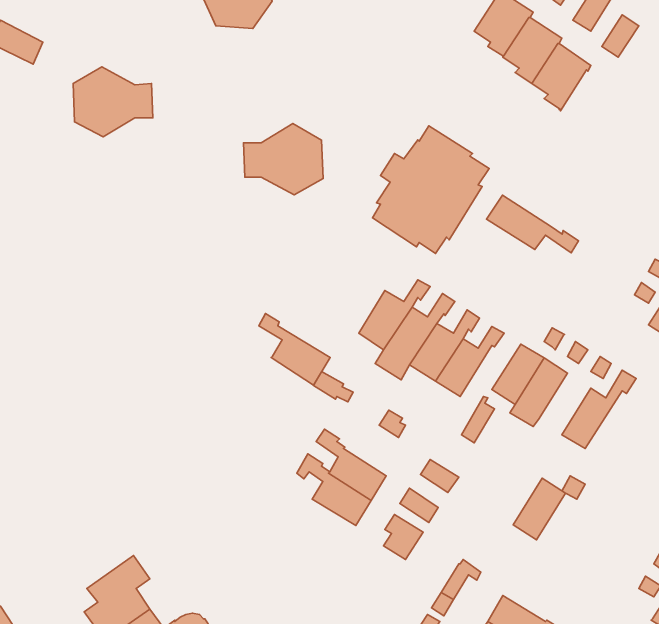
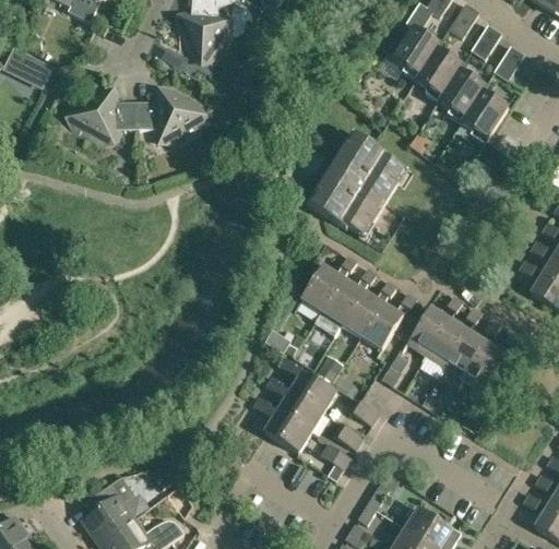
building: none -> [461,89,508,144]
building: [243,124,323,195] -> [135,85,199,142]
building: [486,195,578,253] -> none
building: [259,314,330,385] -> [278,356,335,413]
building: [513,478,565,540] -> [443,331,485,380]

